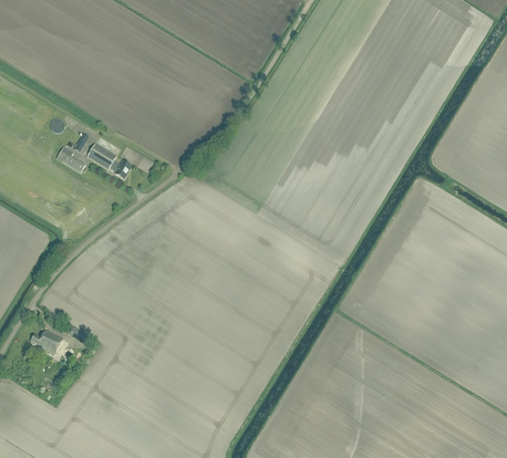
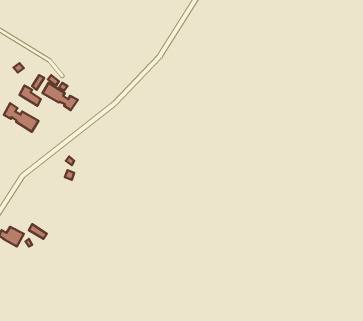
building: none -> [4,103,39,132]

